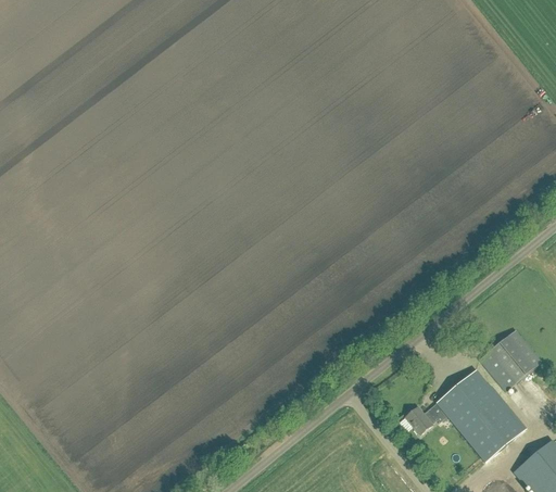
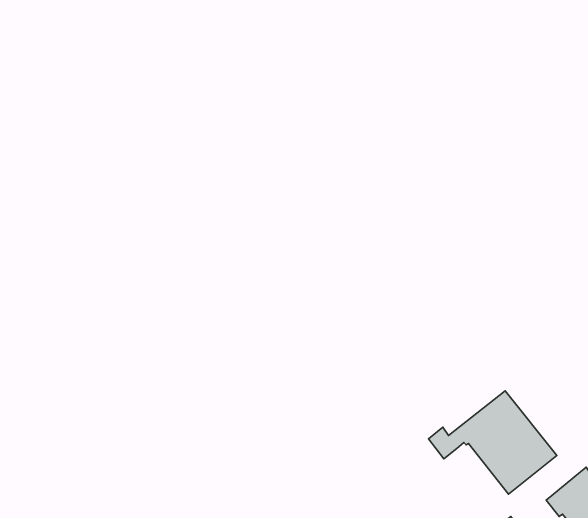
building: [481,327,543,388] -> none

